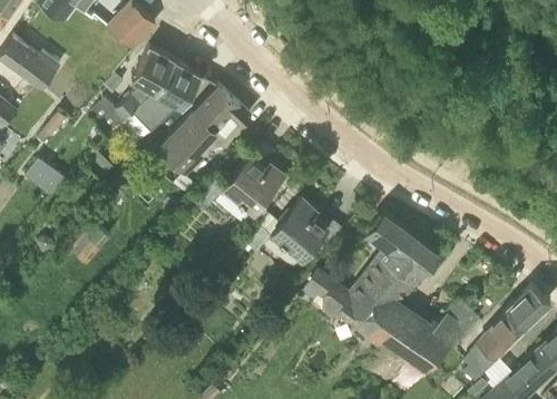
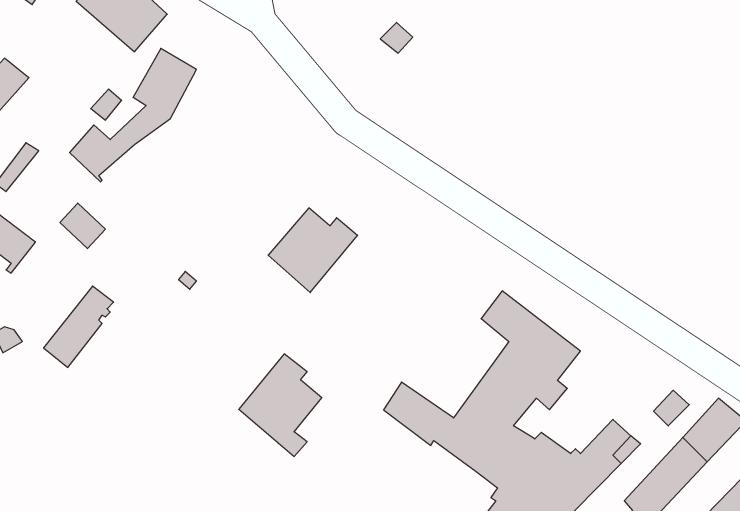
building: [133,60,201,132] -> none
building: [157,85,250,175] -> none
building: [272,196,329,266] -> [239,354,322,456]

